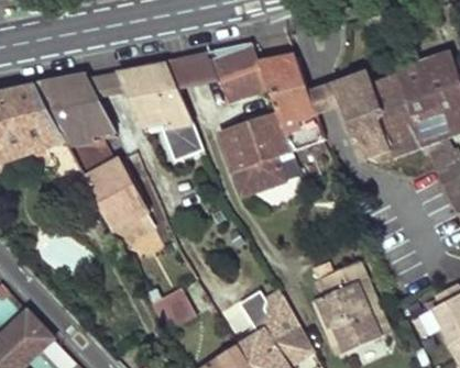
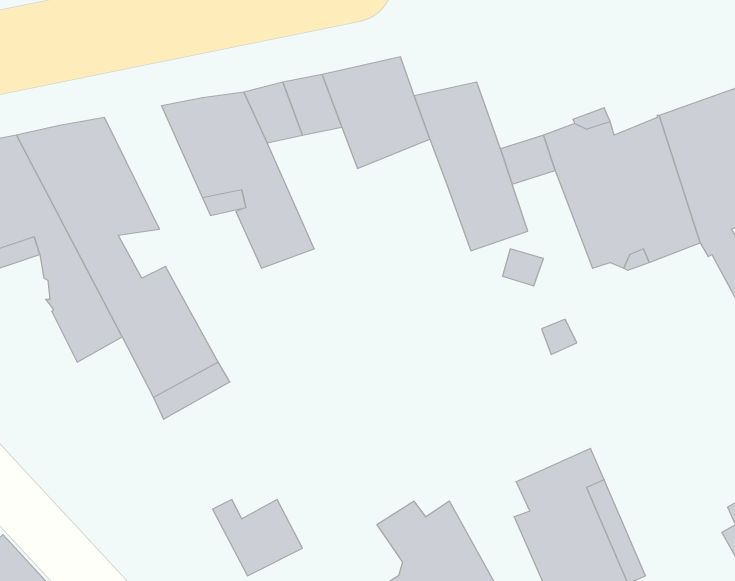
building: [219,113,291,196] -> none

